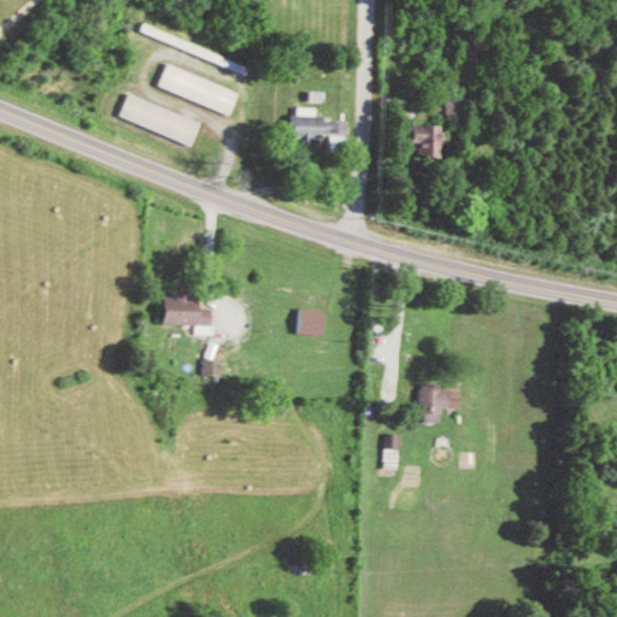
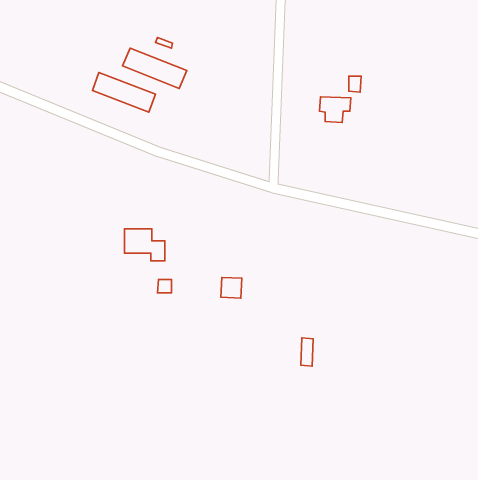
building: [292,107,347,146] -> none
building: [296,308,323,335] -> [221,277,242,298]
building: [418,383,443,422] -> none

